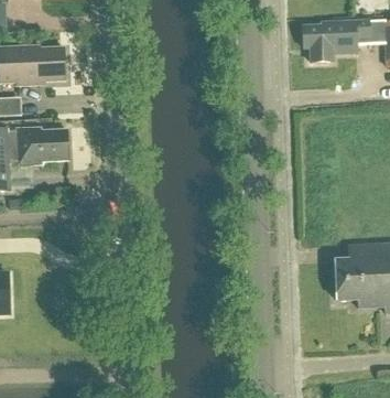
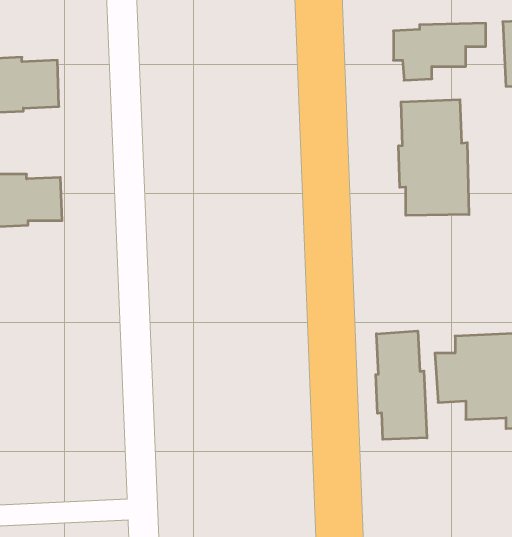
building: none -> [399,100,469,215]
building: none -> [376,331,427,439]

